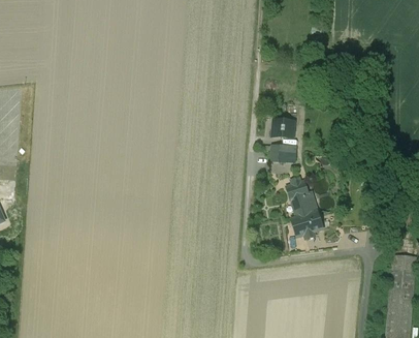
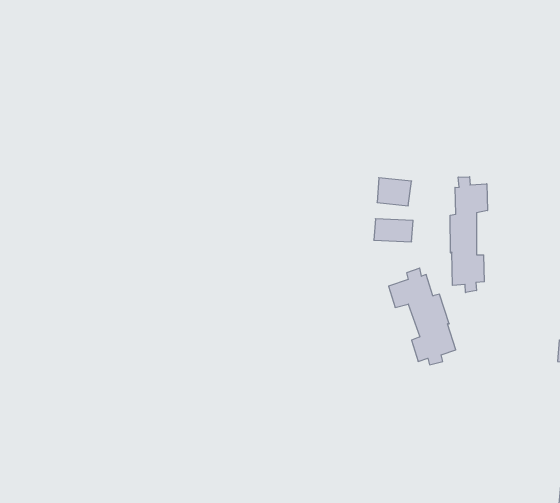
building: none -> [450,177,487,293]

